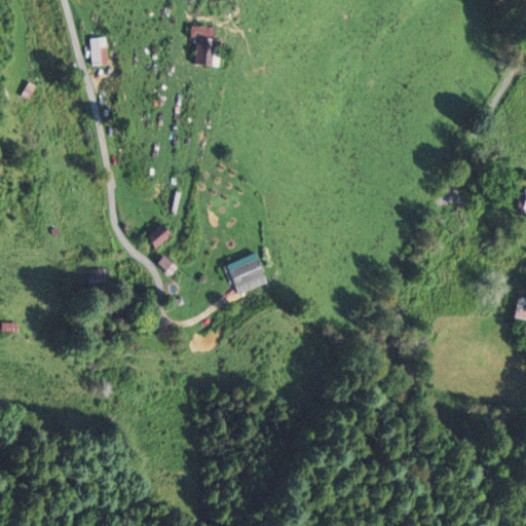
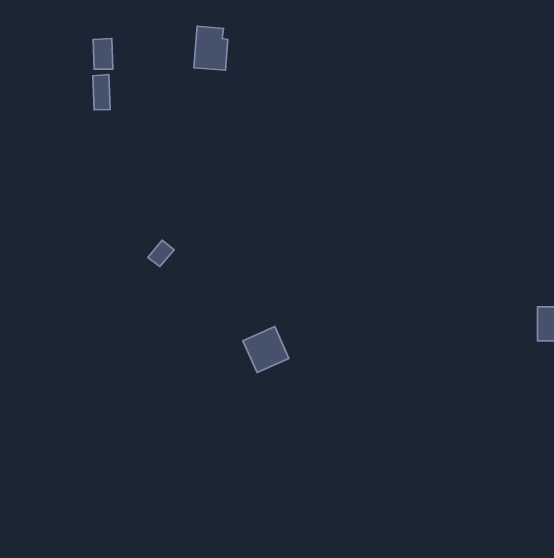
building: none -> [93,74,110,110]
building: [226,252,269,295] -> [243,327,289,373]

